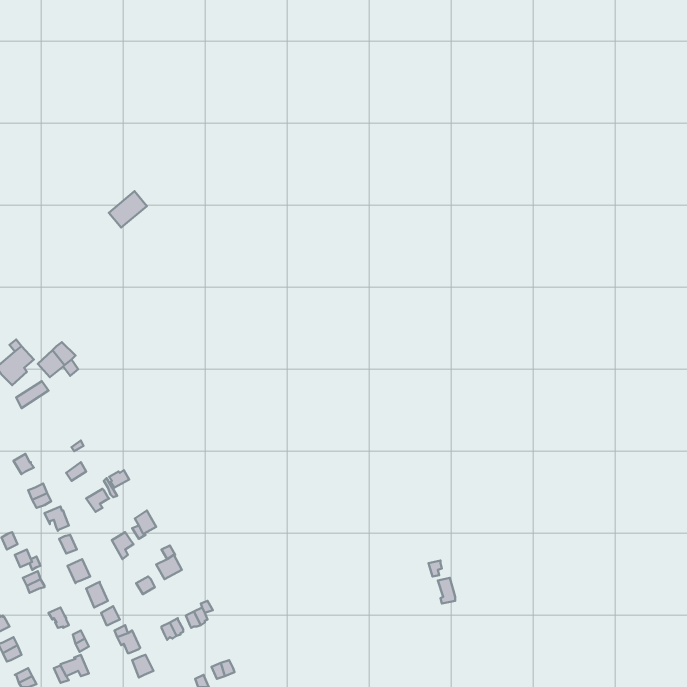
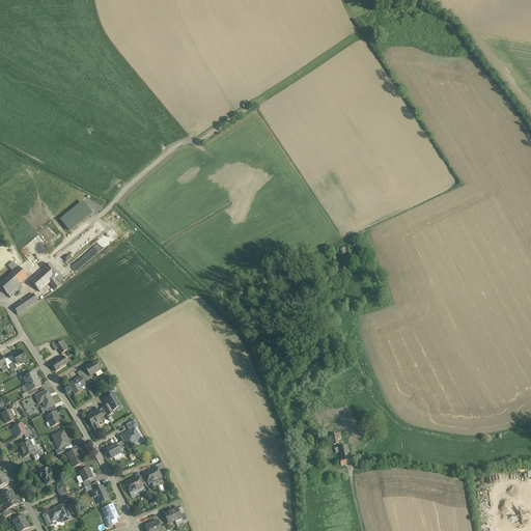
building: [109,191,147,228] -> [59,202,88,230]

